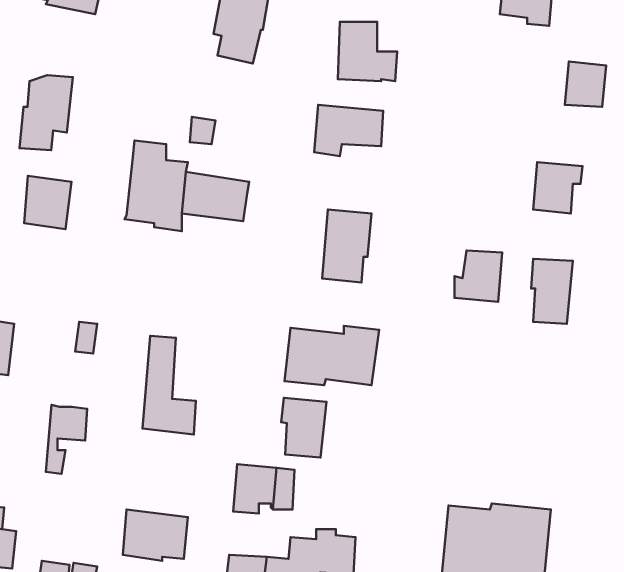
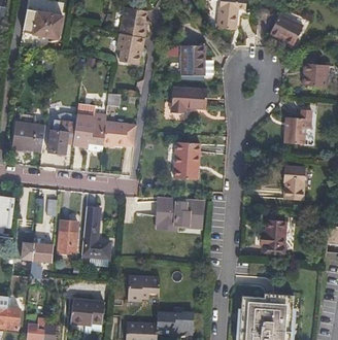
building: [20,75,73,150] -> [48,113,76,152]
building: [455,251,502,302] -> [262,219,286,246]
building: none -> [56,230,76,263]
building: [281,398,326,457] -> none

